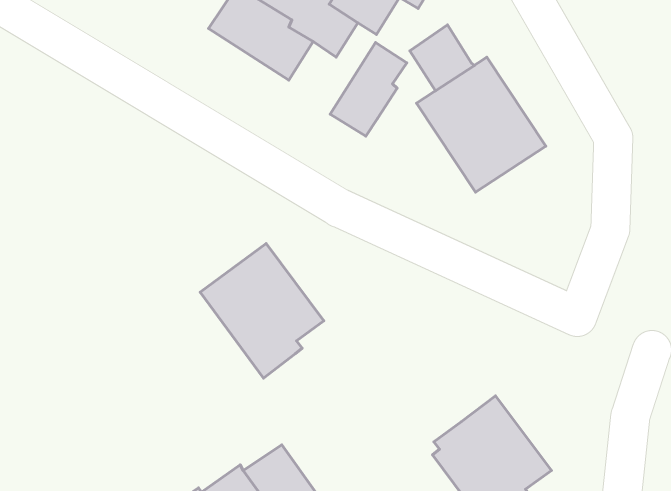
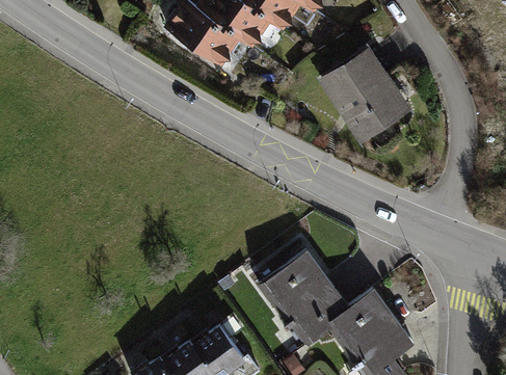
building: [410,25,474,91] -> none
building: [330,43,407,136] -> none
building: [200,243,324,378] -> [259,252,348,350]

